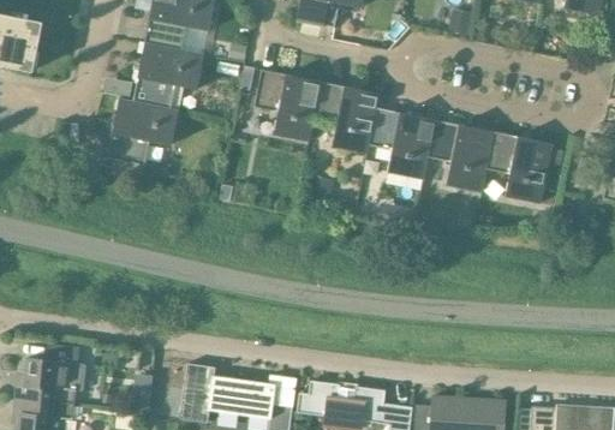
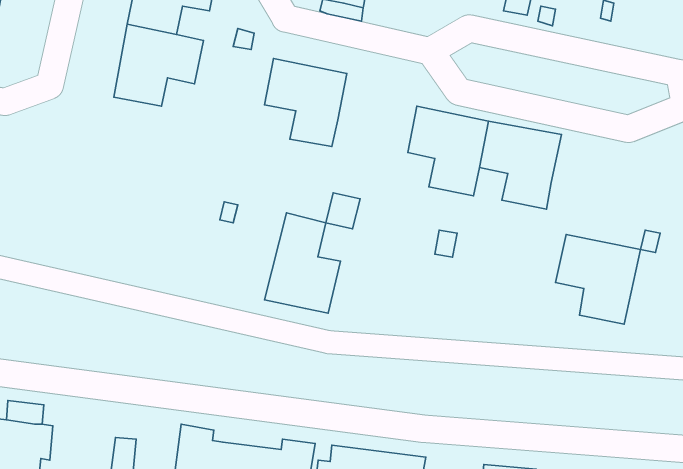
building: [314,80,381,151] -> none
building: [107,96,179,163] -> none
building: [485,130,554,202] -> [556,235,641,324]
building: none -> [264,213,340,313]

